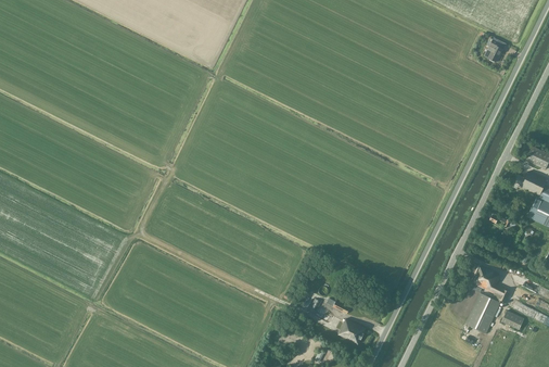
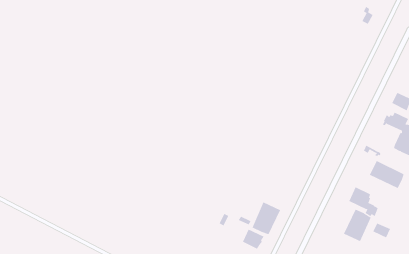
building: none -> [369,160,405,189]
building: none -> [252,202,281,236]

